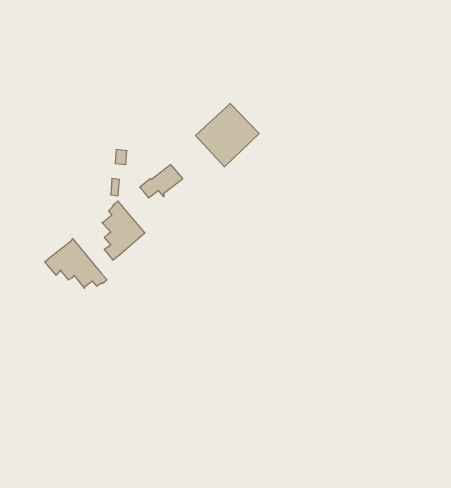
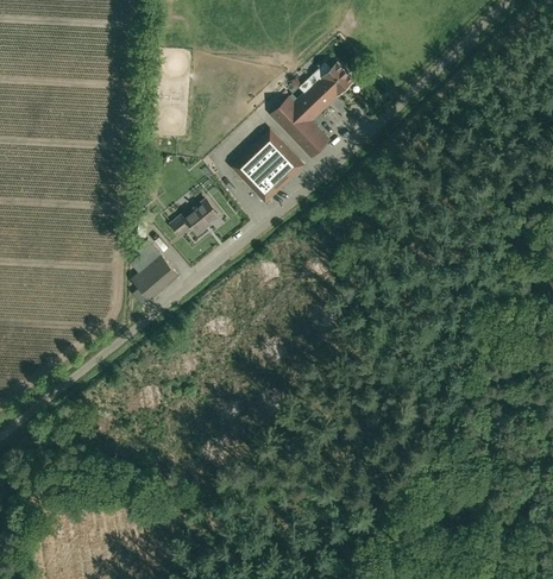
building: none -> [274,63,356,156]
building: [45,239,107,288] -> none

